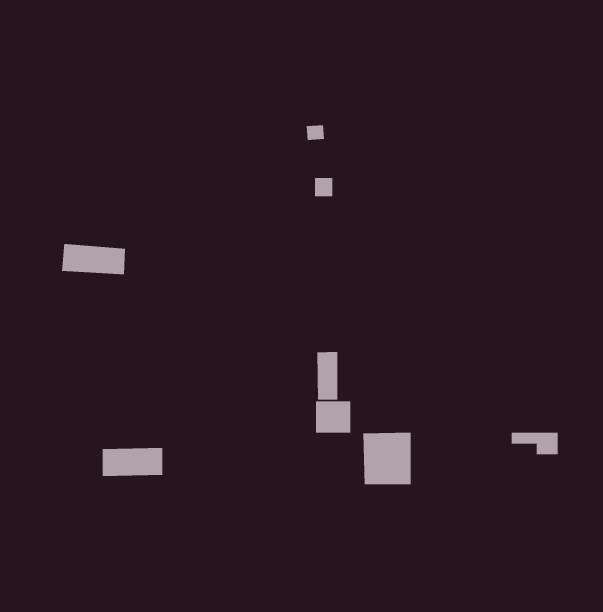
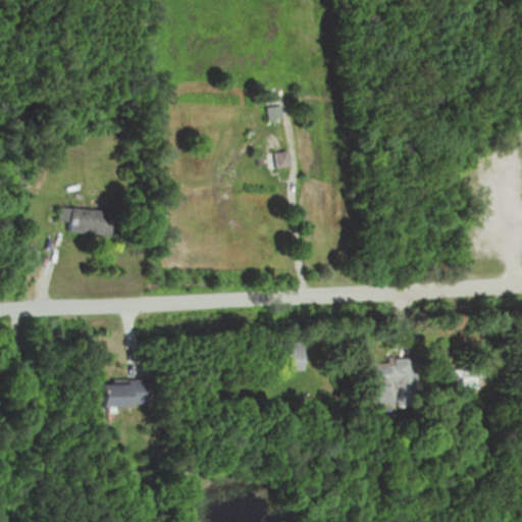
building: [317,351,338,401] -> none
building: [362,432,412,485] -> [376,358,418,403]

